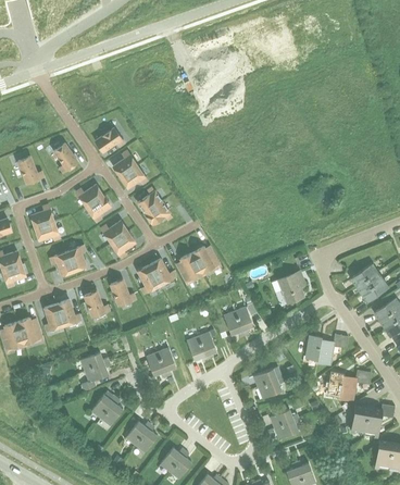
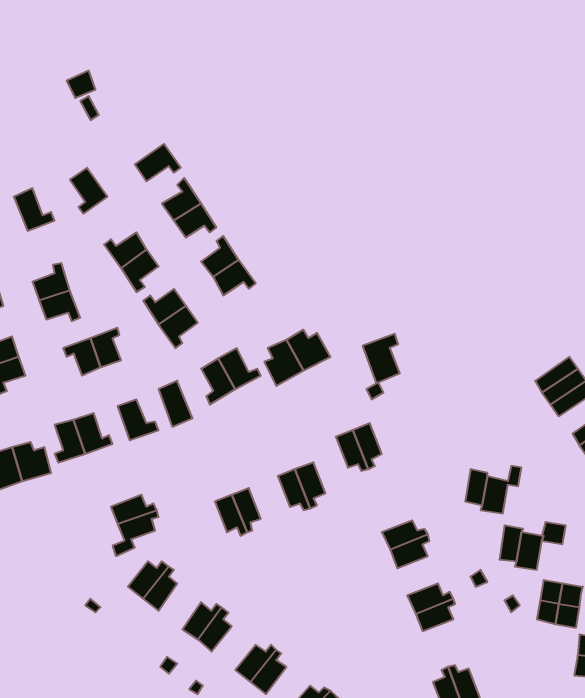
building: [278,270,302,301] -> [363,334,400,383]

